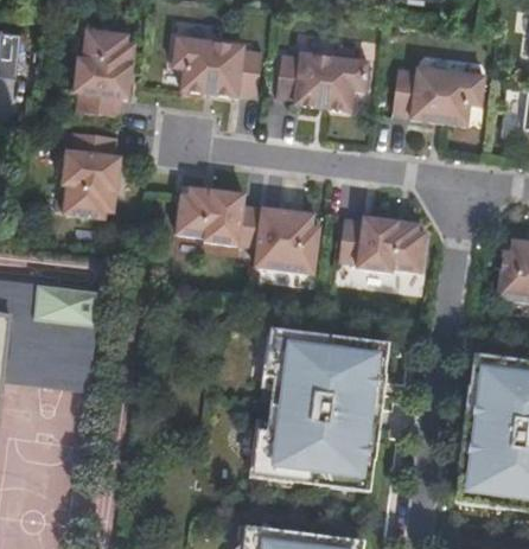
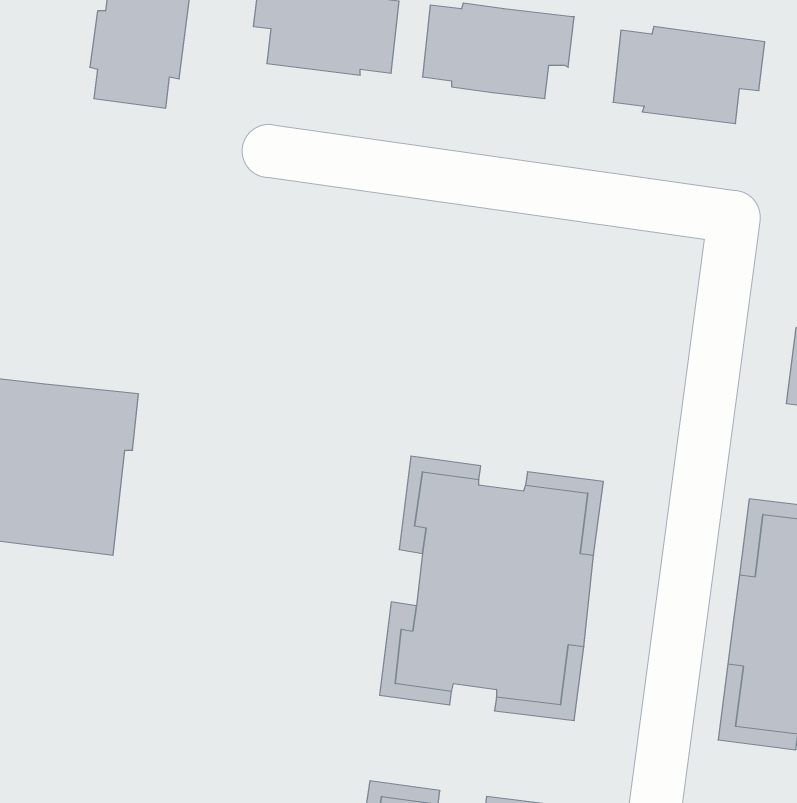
building: [62,132,121,218] -> none
building: [177,186,320,274] -> none
building: [338,216,426,272] -> none

